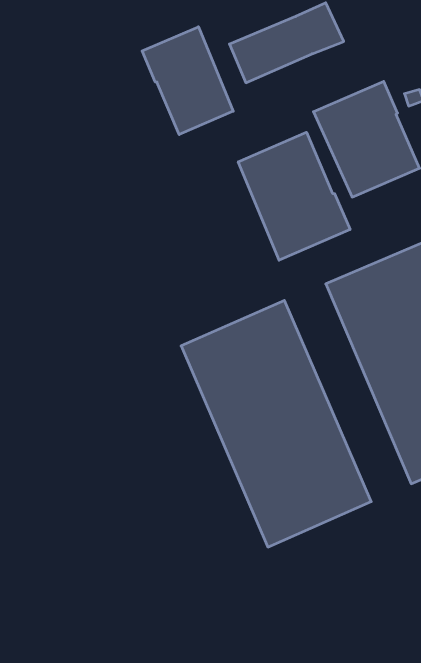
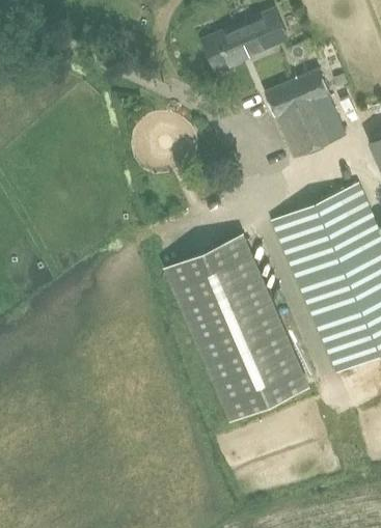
building: [142,27,233,135] -> none
building: [238,132,350,260] -> none

